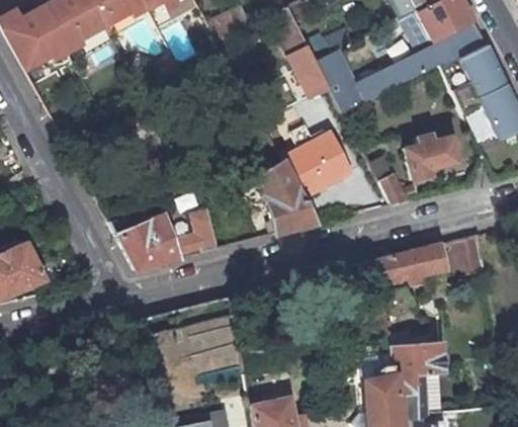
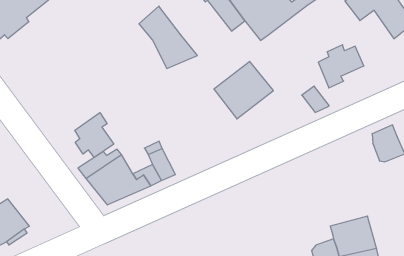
building: [257,161,318,234] -> [139,6,197,69]
building: none -> [75,113,114,158]
building: [378,244,448,288] -> none

